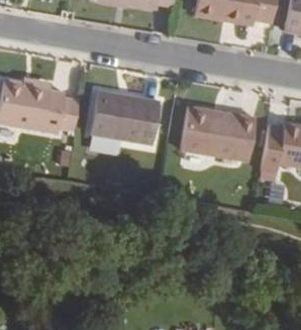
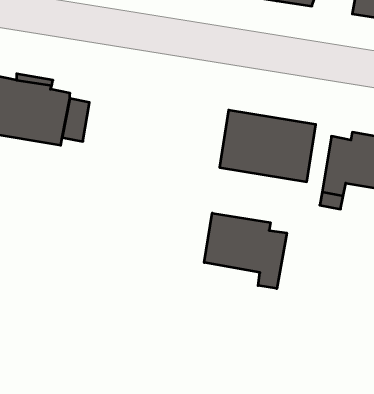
building: [89,90,159,145] -> none
building: none -> [204,213,287,289]

